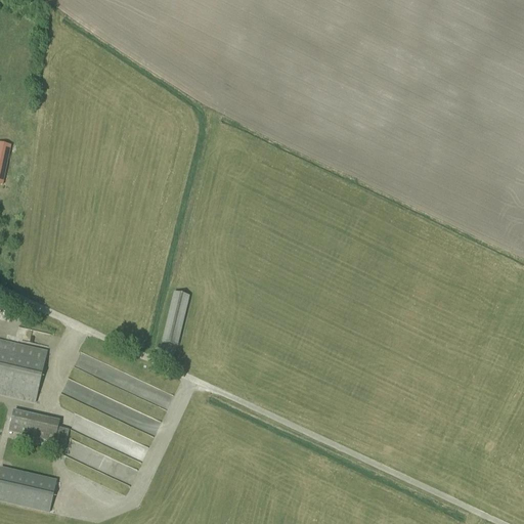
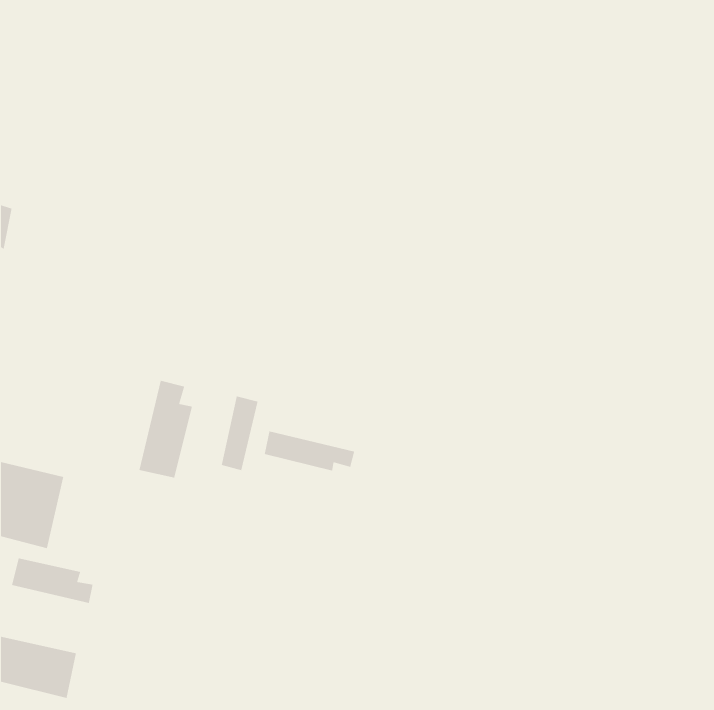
building: none -> [138,380,193,478]
building: none -> [264,431,355,472]

